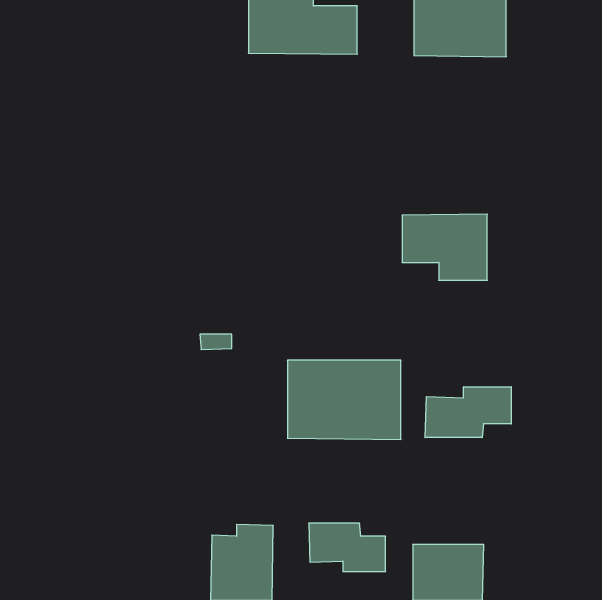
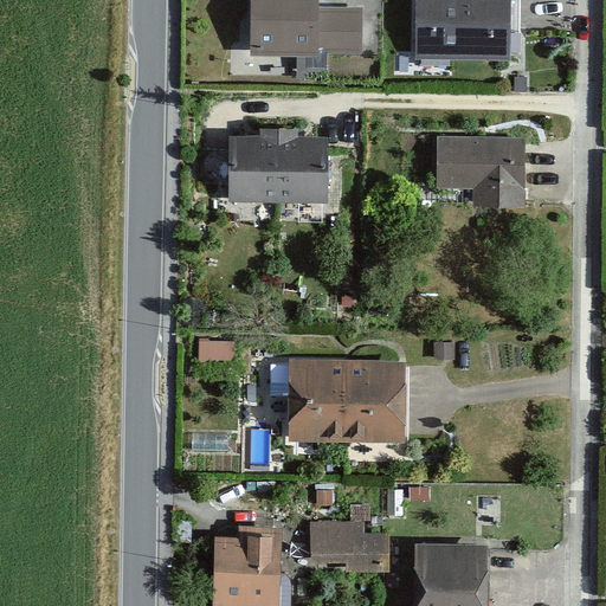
building: none -> [227,129,324,202]
building: [402,214,487,280] -> [438,138,523,205]
building: [425,387,511,438] -> none

